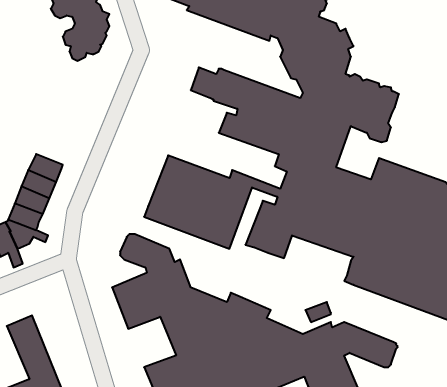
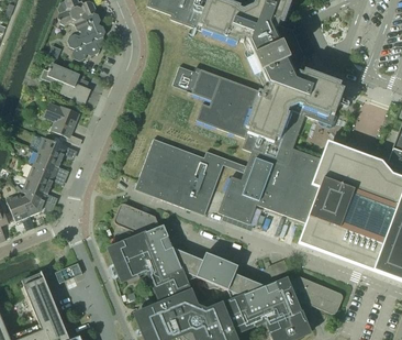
building: none -> [41,63,91,103]
building: none -> [44,102,80,141]

